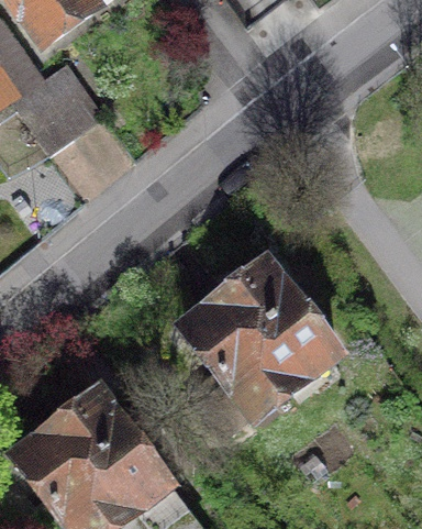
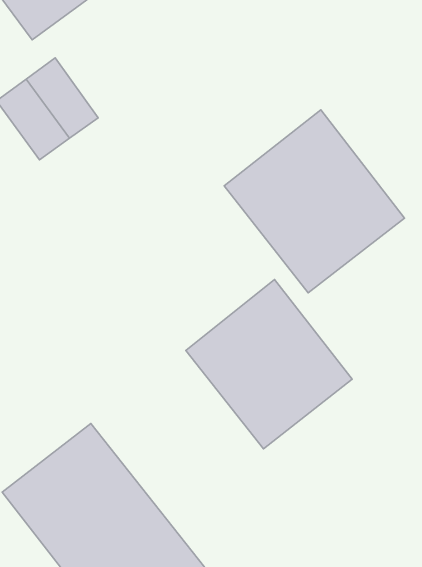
building: none -> [224,110,405,293]

